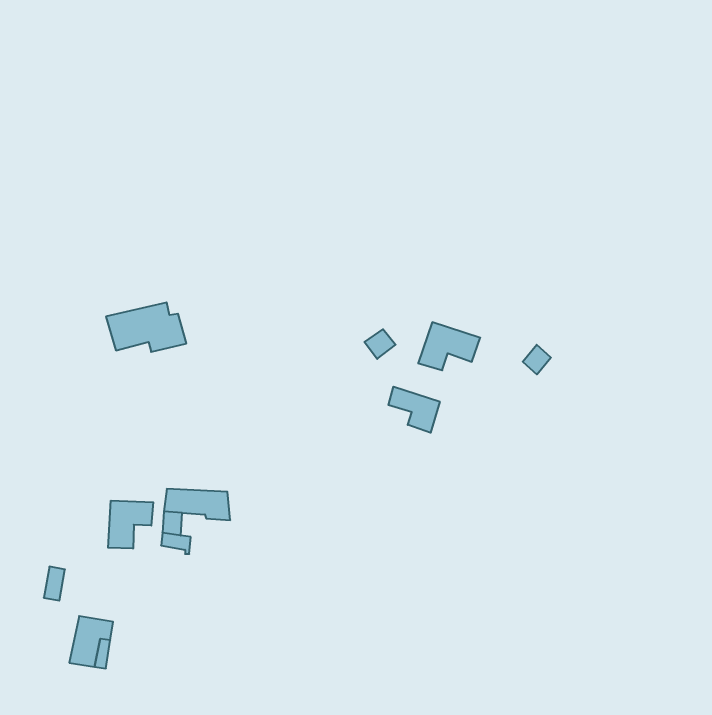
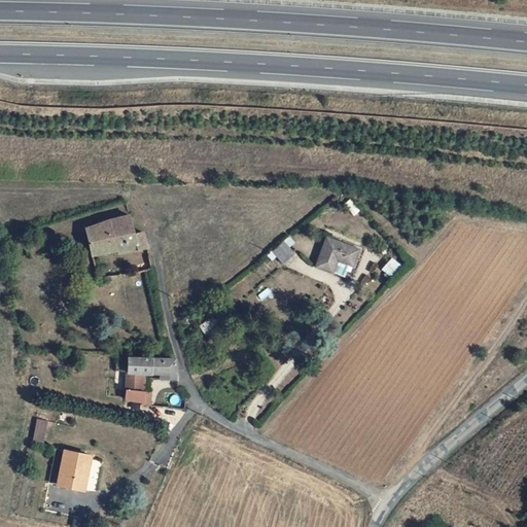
building: [388,387,440,433] -> none
building: [108,501,153,549] -> none

